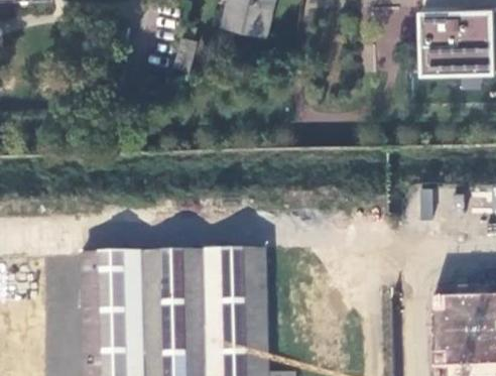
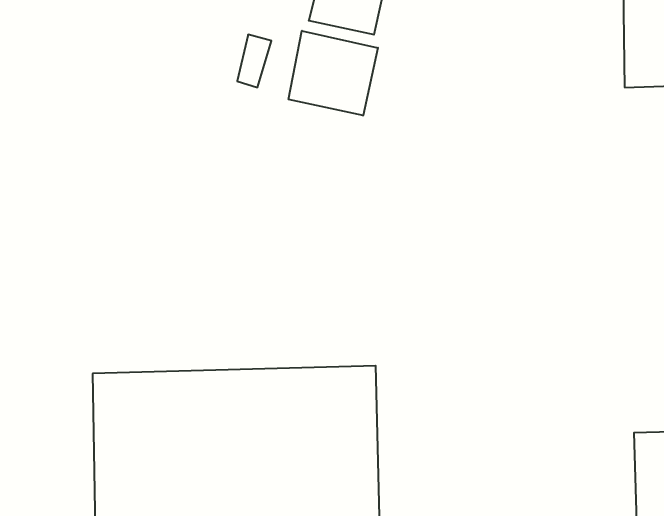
building: none -> [289,31,378,116]

